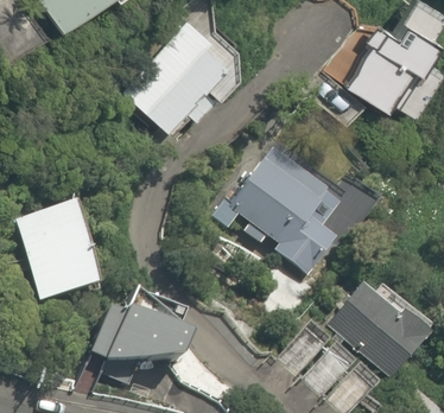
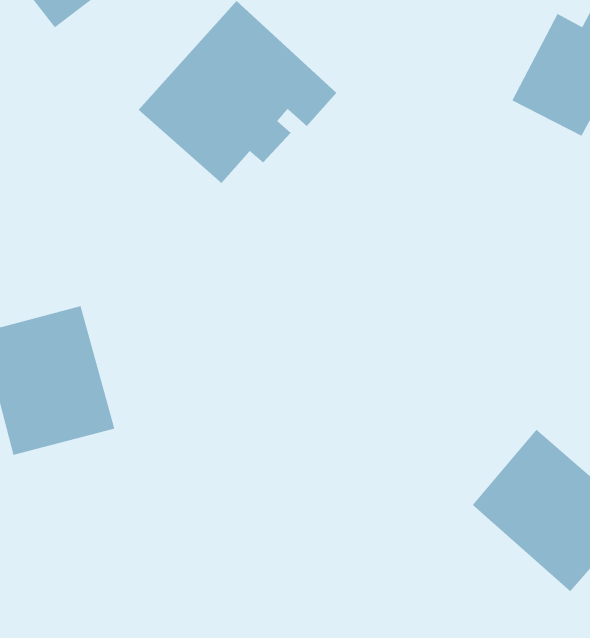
building: [224,148,344,279] -> none
building: [94,310,201,361] -> none

